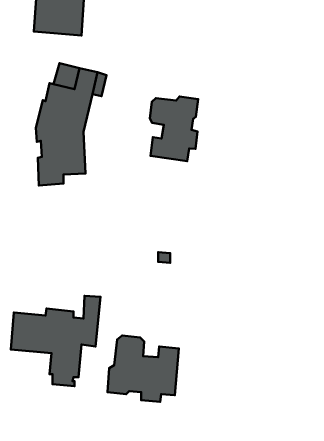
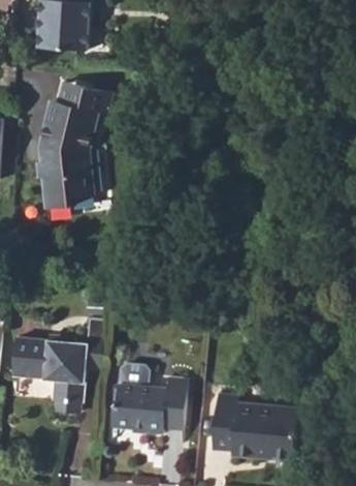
building: [150,97,198,161] -> none
building: none -> [213,392,301,460]

